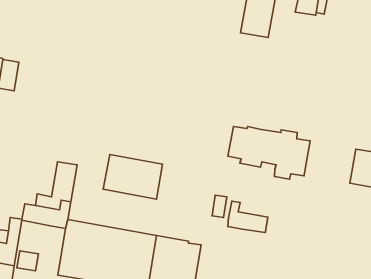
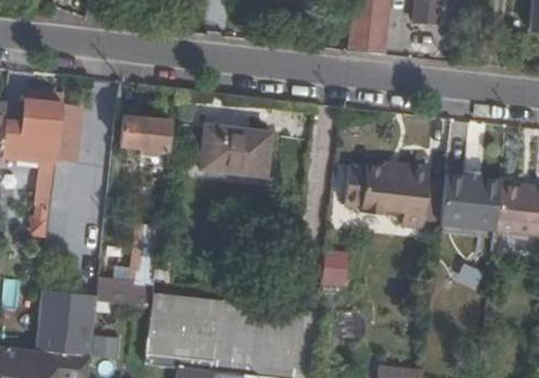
building: none -> [121,115,169,170]
building: none -> [439,170,501,227]
building: [103,154,163,199] -> [200,124,271,175]
building: [228,201,268,232] -> none

